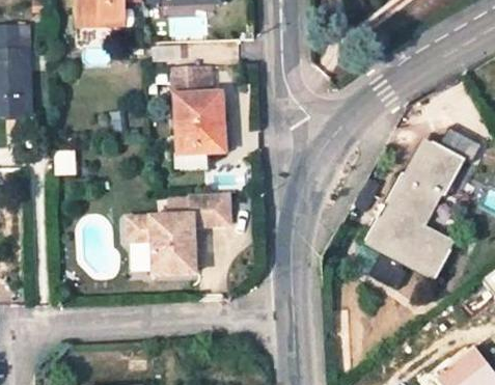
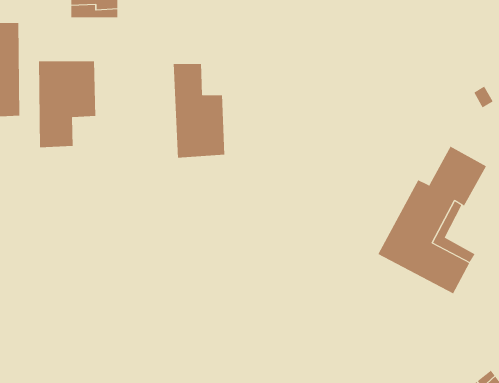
building: none -> [38,60,96,148]
building: [128,193,229,276] -> none

